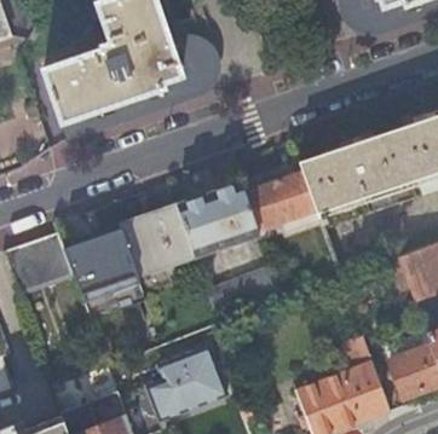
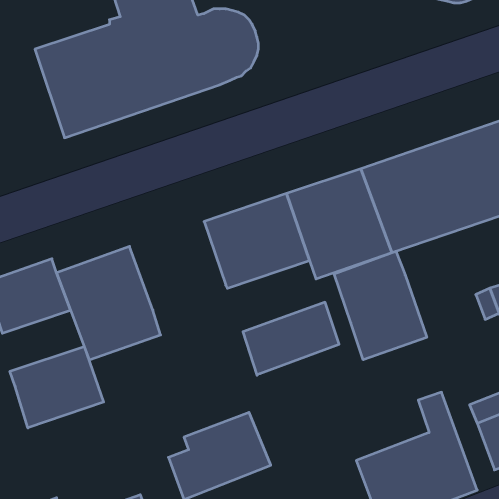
building: [119,203,194,272] -> none
building: none -> [334,251,427,360]
building: none -> [10,347,104,428]

